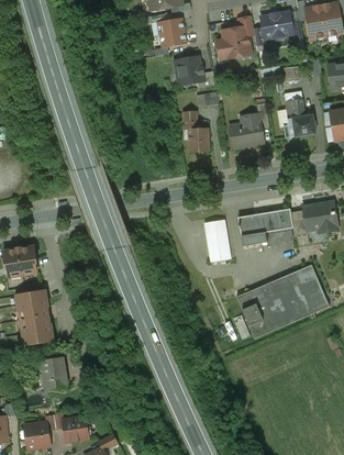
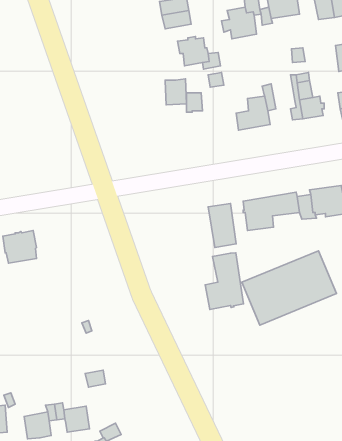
building: [188,127,209,153] -> [165,79,187,105]
building: none -> [205,253,244,309]
building: [16,290,54,345] -> none
building: [36,357,67,389] -> none

